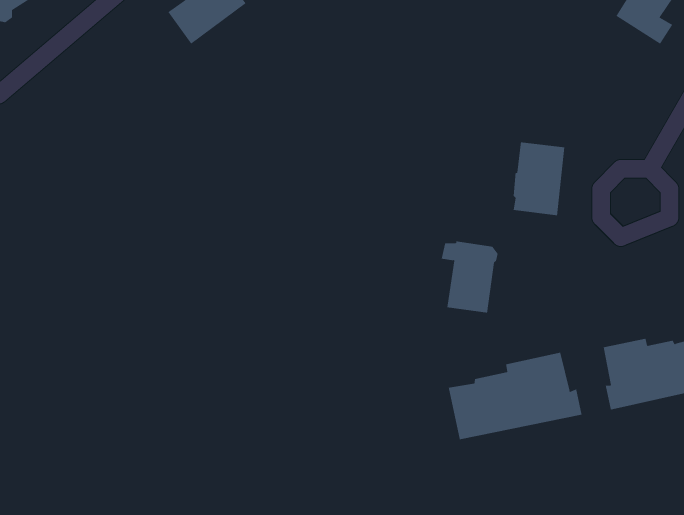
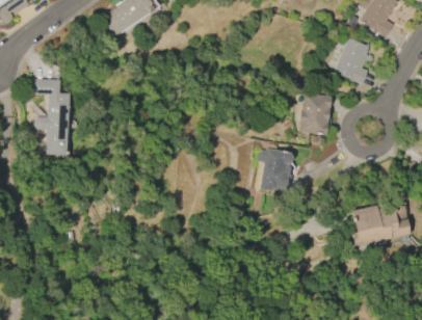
building: none -> [334,37,370,85]
building: none -> [31,79,69,155]
building: [448,352,582,440] -> none

